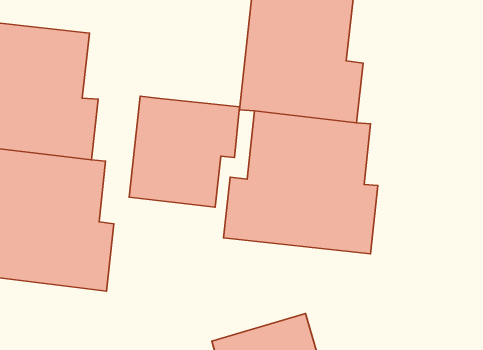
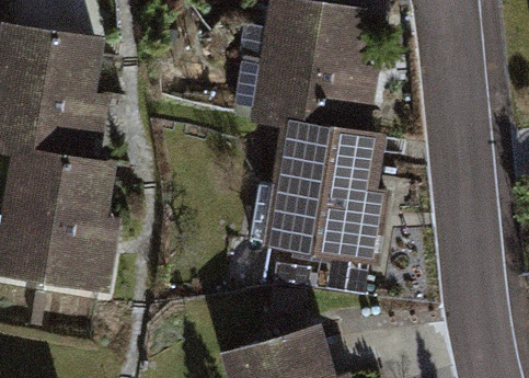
building: [129,96,239,207] -> none

